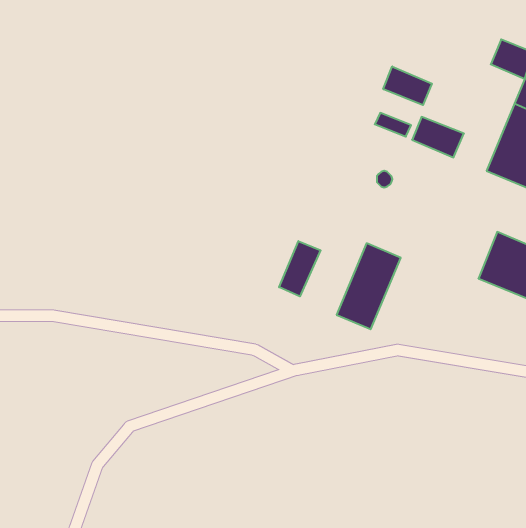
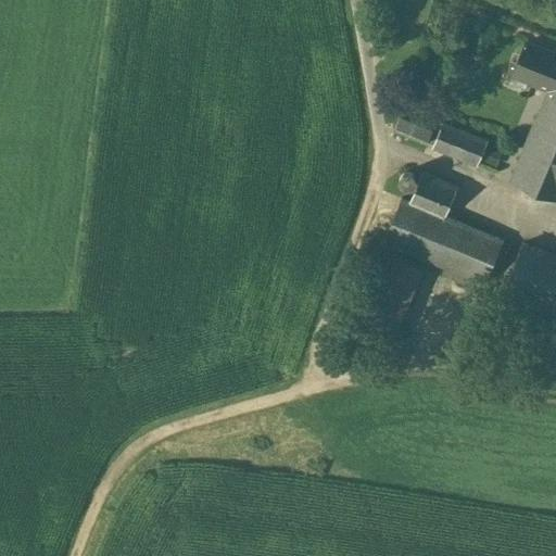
building: [383,66,432,105] -> none
building: none -> [386,175,504,286]
building: [279,241,321,296] -> none

